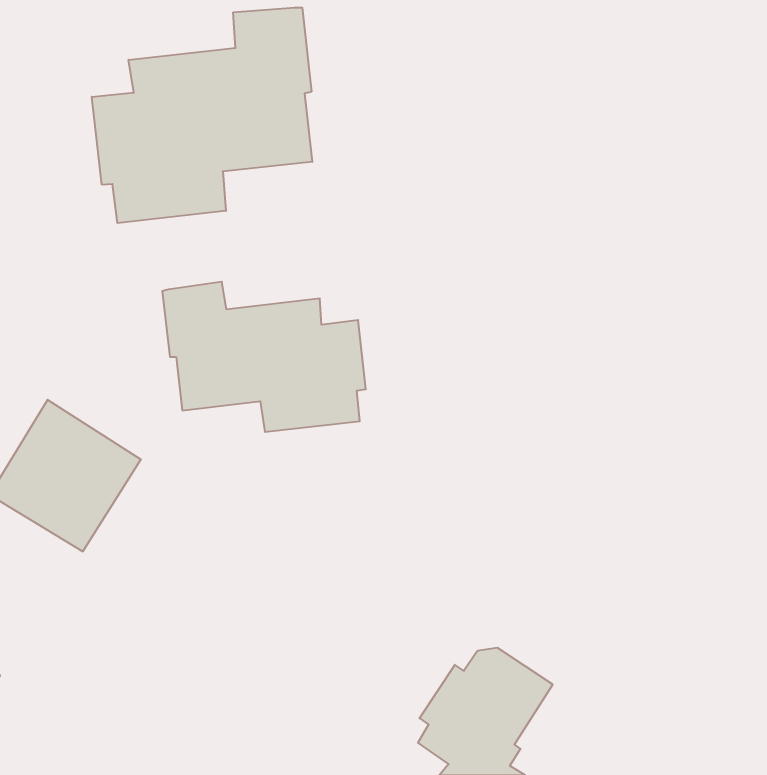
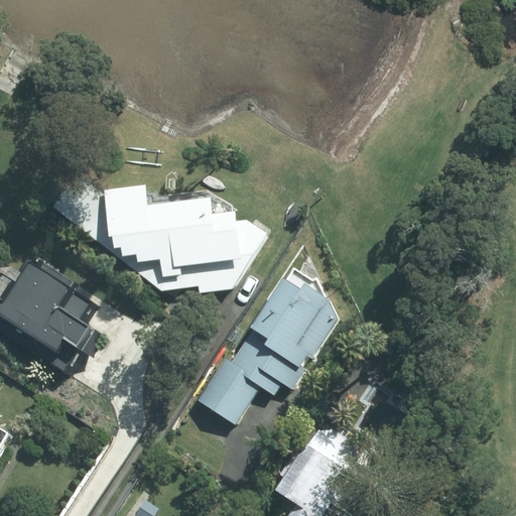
building: [92,7,312,223] -> none
building: none -> [202,280,334,418]

